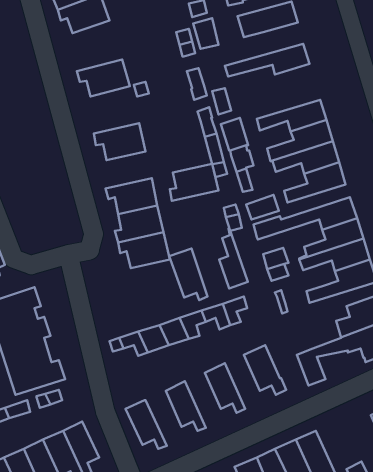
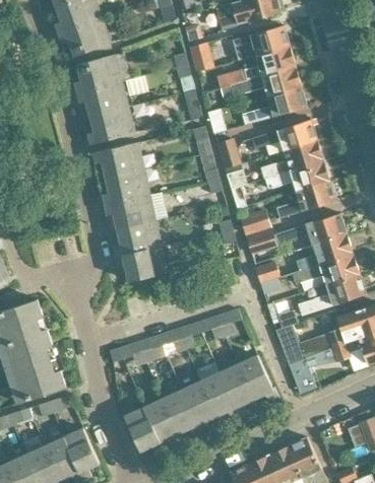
building: none -> [215,46,294,87]
building: none -> [73,55,120,92]
building: none -> [241,85,306,125]
building: none -> [86,107,133,144]
building: [170,164,218,201] -> [102,169,148,205]
building: [219,228,248,289] -> none
building: [169,248,208,300] -> none
building: none -> [275,324,303,364]
building: none -> [218,364,252,416]
building: none -> [180,382,214,434]
building: none -> [142,399,177,452]

